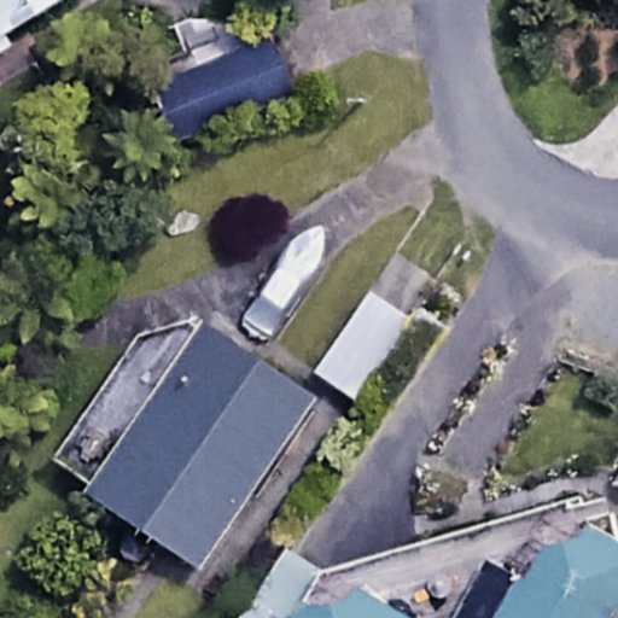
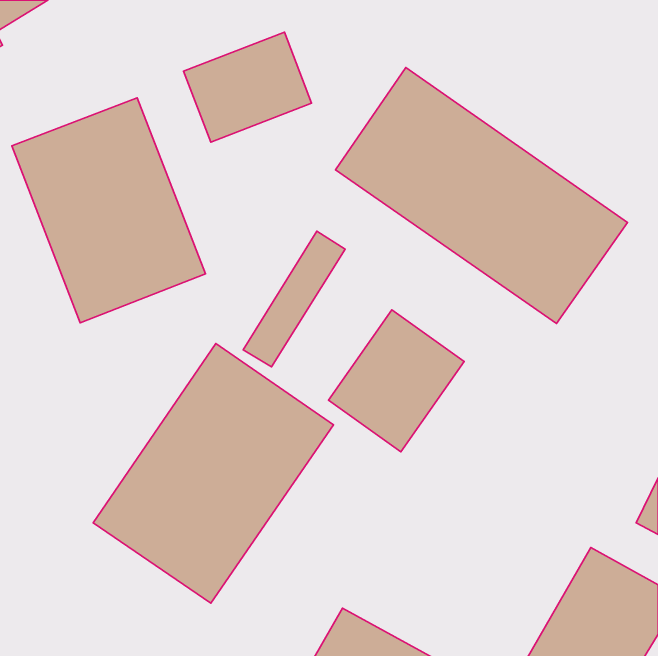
building: none -> [336,68,628,324]
building: none -> [12,98,205,323]

